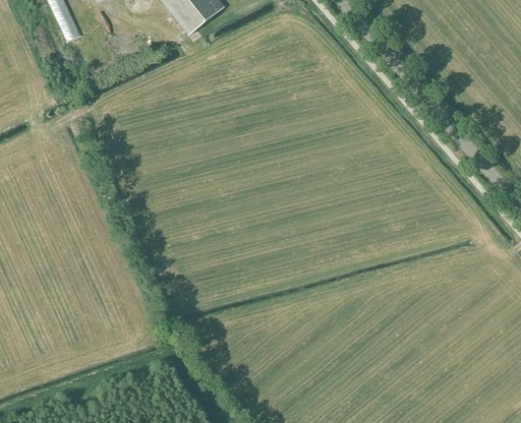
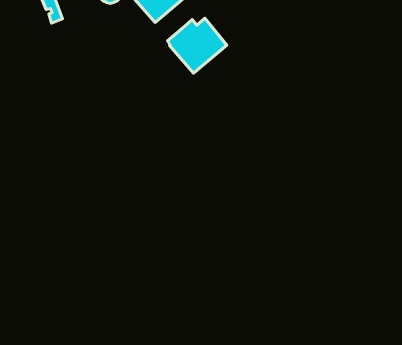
building: none -> [167,18,227,73]

